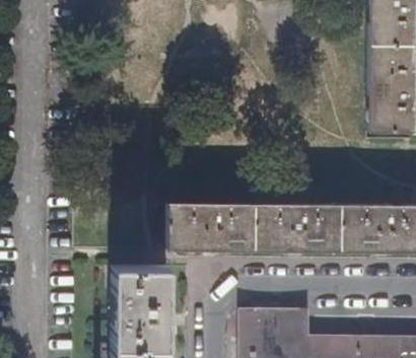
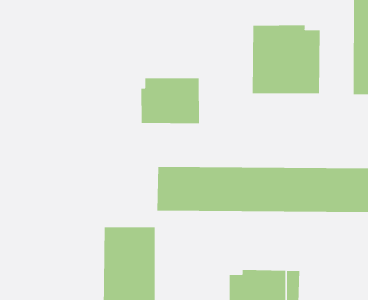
building: none -> [252,25,320,94]
building: none -> [141,77,199,124]

